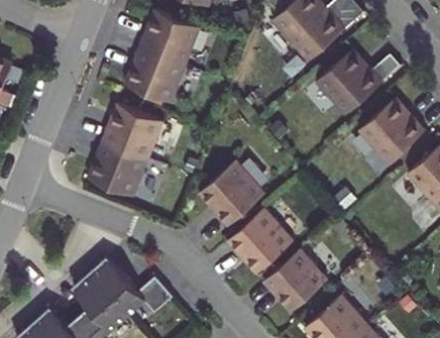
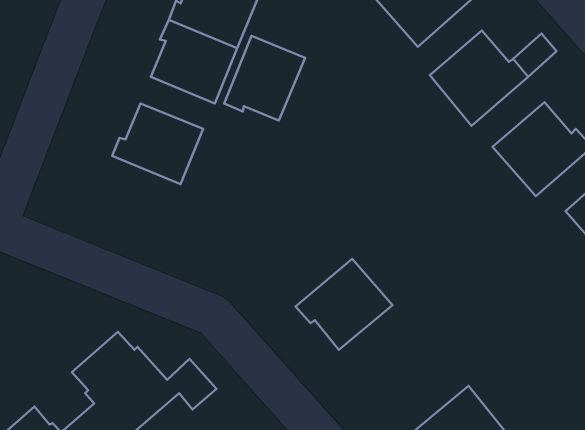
building: none -> [224,36,305,120]
building: [90,136,147,193] -> none
building: [201,158,264,224] -> none
building: [261,246,327,308] -> none

